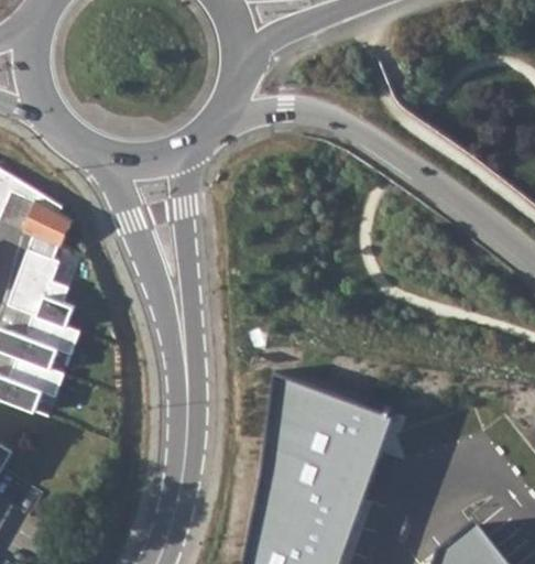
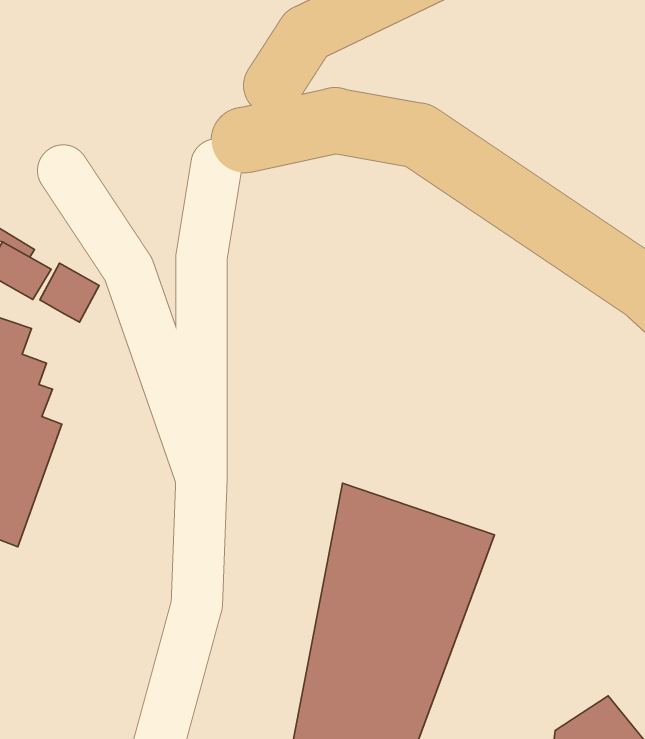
building: none -> [40,263,99,322]

